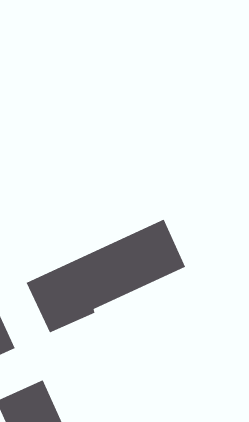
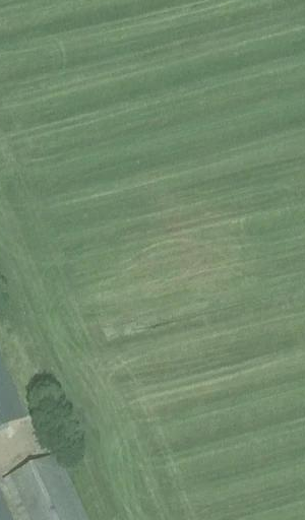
building: [26,218,186,334] -> none

